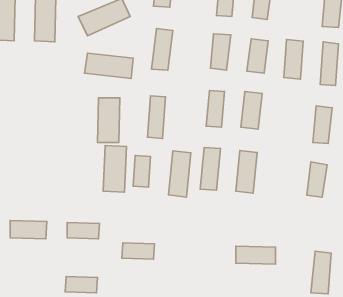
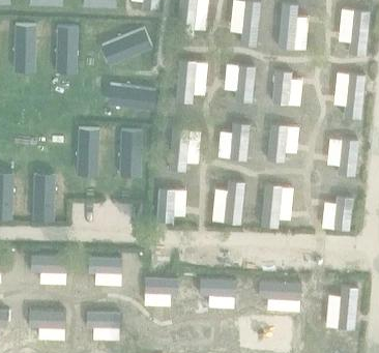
building: [284,39,303,79] -> none
building: none -> [32,172,55,218]
building: [103,145,126,192] -> [77,127,100,175]
building: [169,151,191,197] -> none
building: none -> [199,278,236,296]
building: none -> [28,311,65,328]

